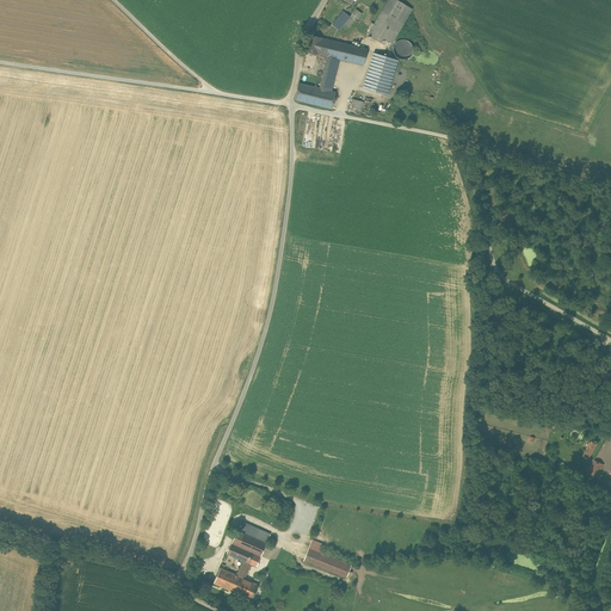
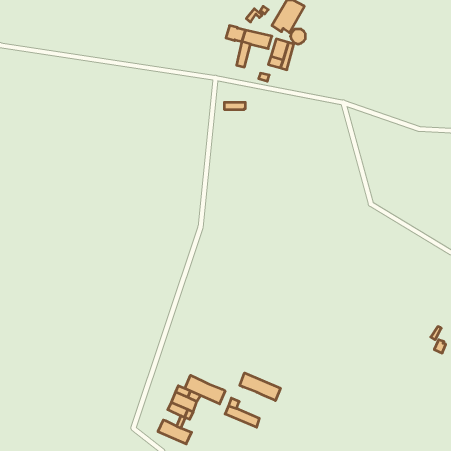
building: [295,84,335,109] -> none
building: none -> [240,373,280,401]
building: none -> [185,375,225,404]

